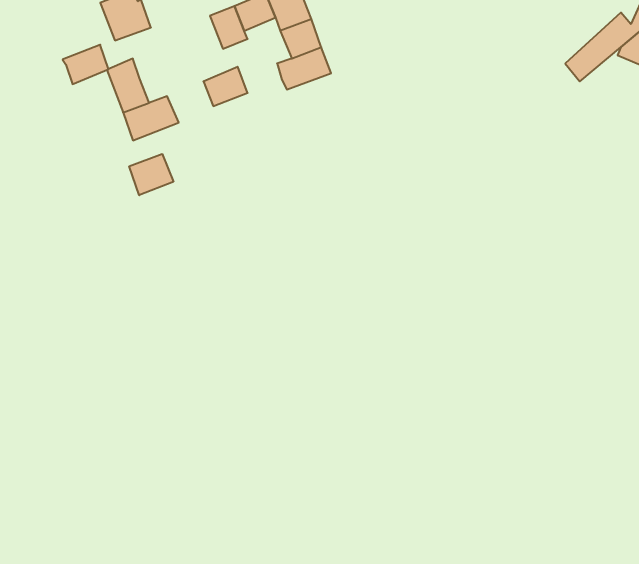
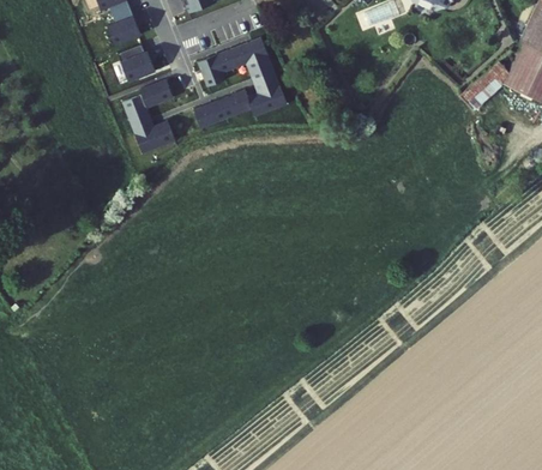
building: [63,45,108,84] -> [139,78,173,107]
building: none -> [218,89,251,118]
building: [129,154,173,195] -> none

